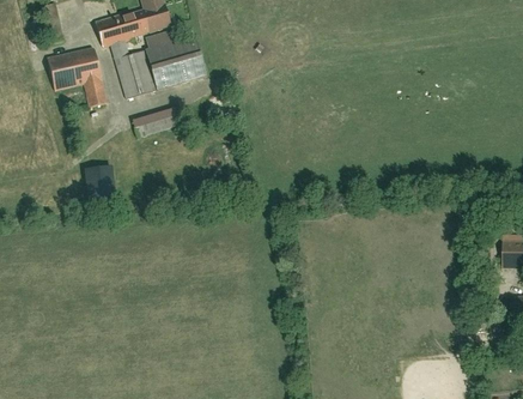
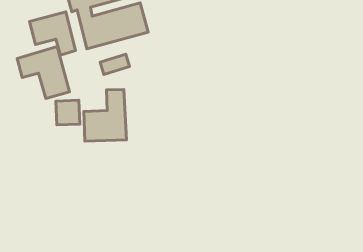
building: none -> [17,47,70,98]
building: none -> [84,90,126,141]

